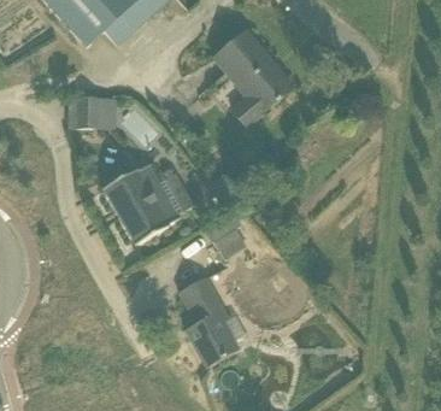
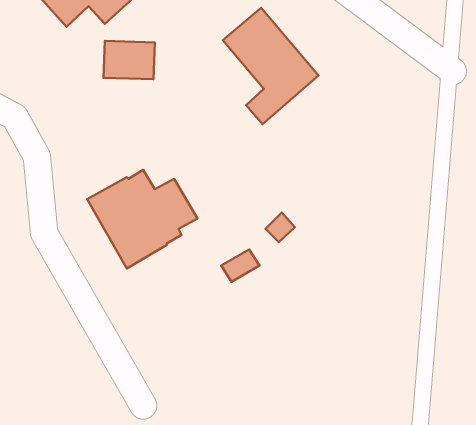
building: [74,96,116,128] -> [103,41,155,79]
building: [178,276,249,366] -> none

